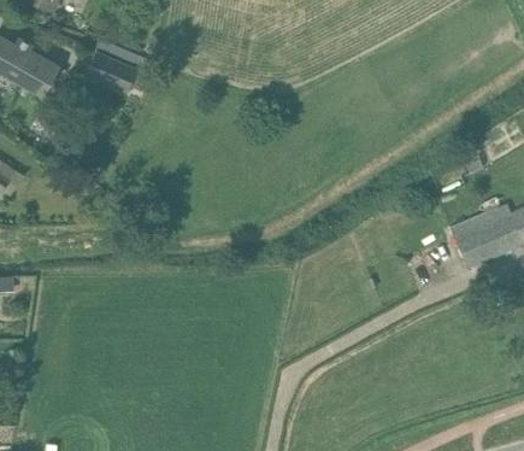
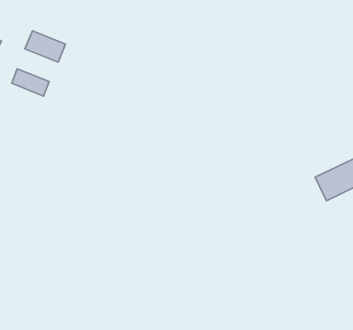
building: none -> [12,69,49,96]

